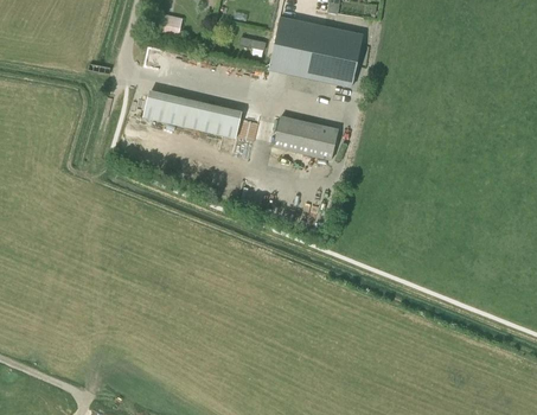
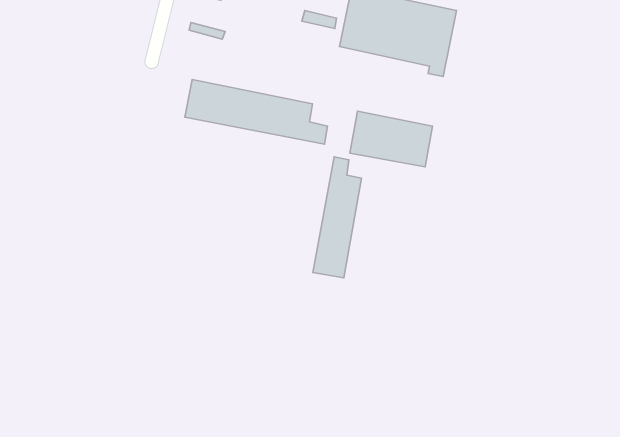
building: none -> [313,157,362,278]

